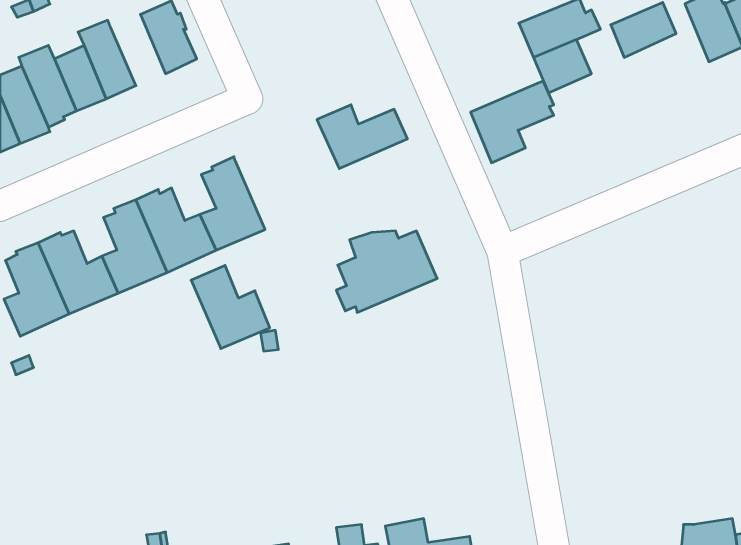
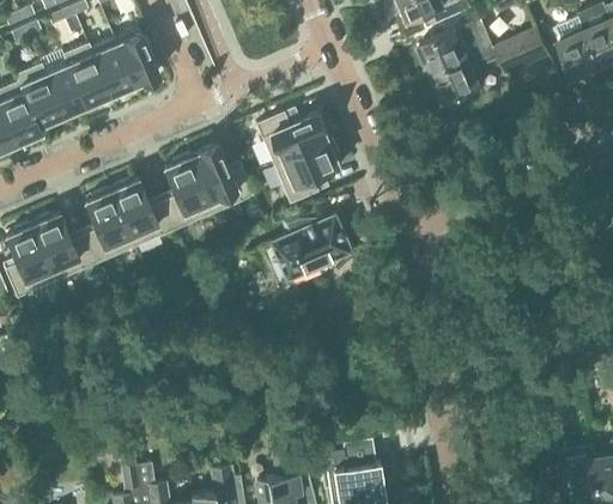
building: none -> [90,38,135,96]
building: [471,81,554,163] -> [274,138,341,204]
building: [191,265,270,349] -> [190,145,254,212]

